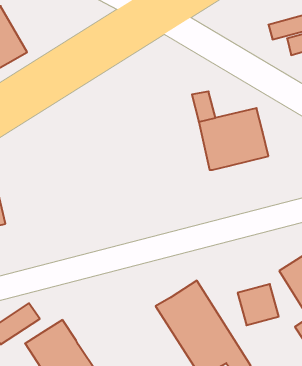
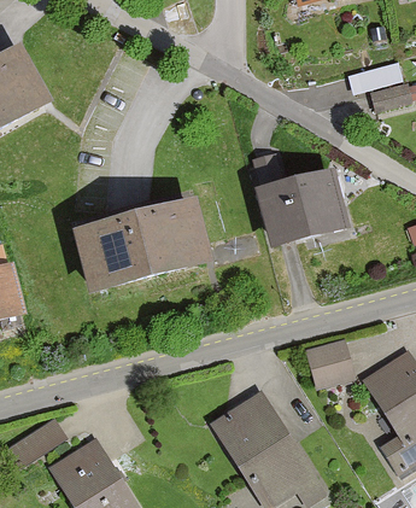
building: none -> [75,205,210,299]
building: [238,284,279,325] -> [305,338,356,389]

